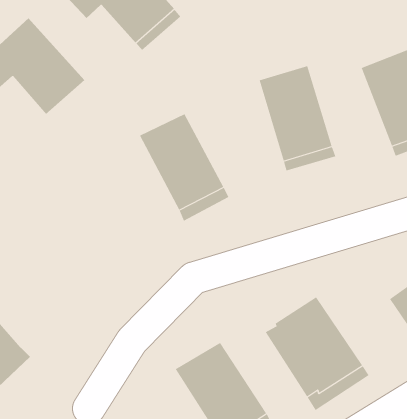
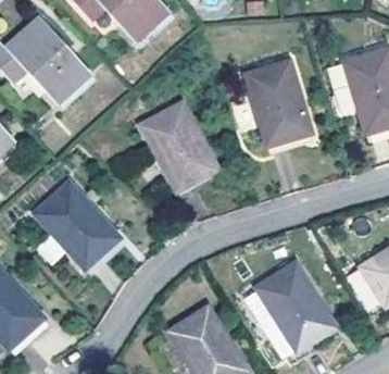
building: none -> [33,180,118,267]

